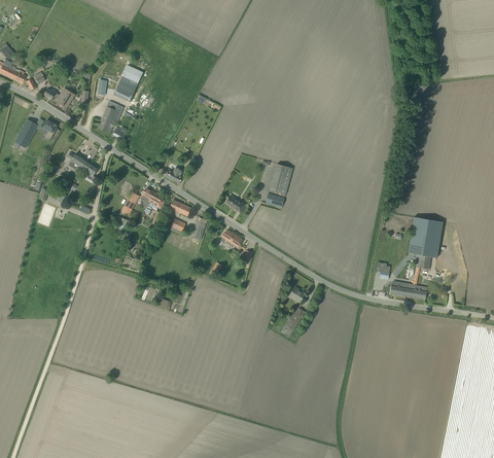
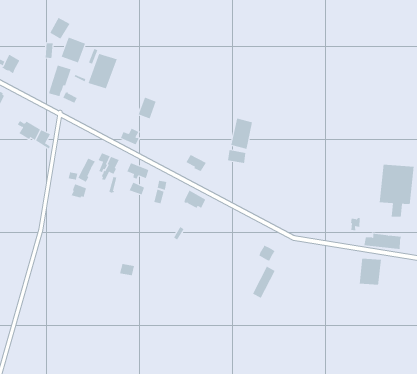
building: none -> [88,53,117,89]
building: none -> [359,258,382,286]

